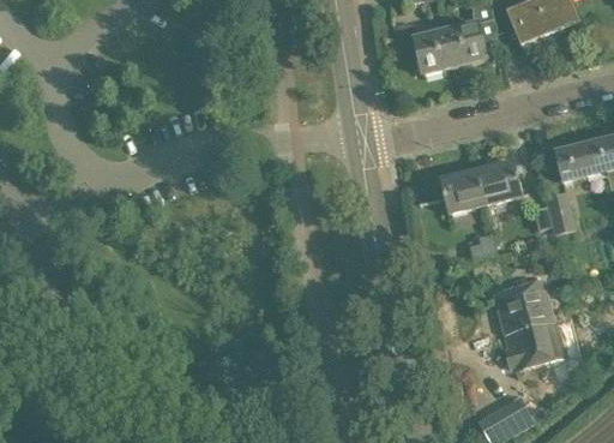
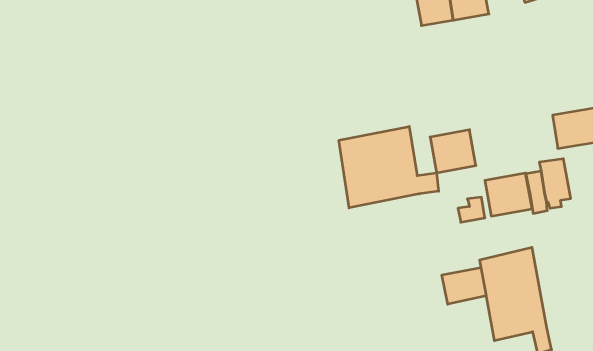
building: [476,158,523,202] -> [485,173,532,216]
building: none -> [339,126,439,208]
building: none -> [442,268,486,304]

